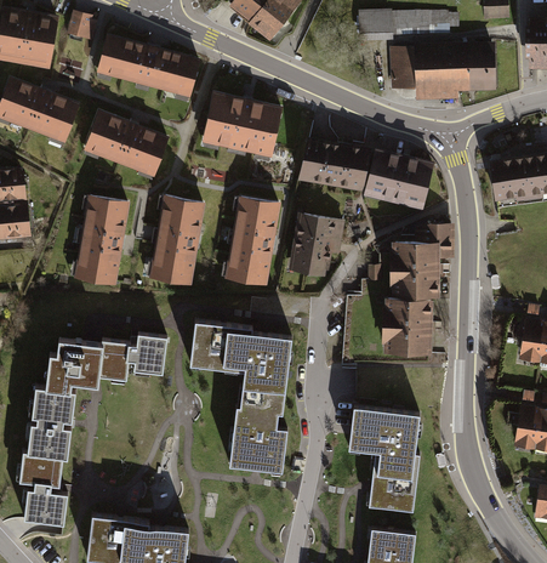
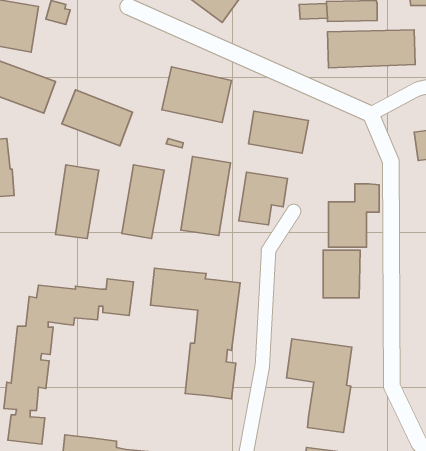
building: [98,39,200,98] -> none
building: [365,152,433,207] -> none

